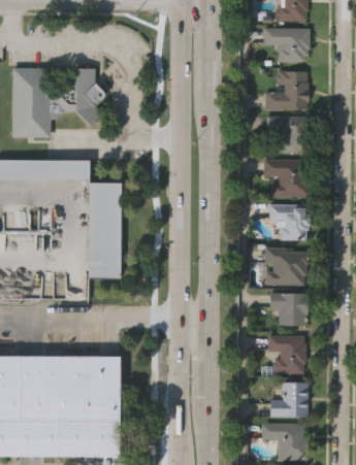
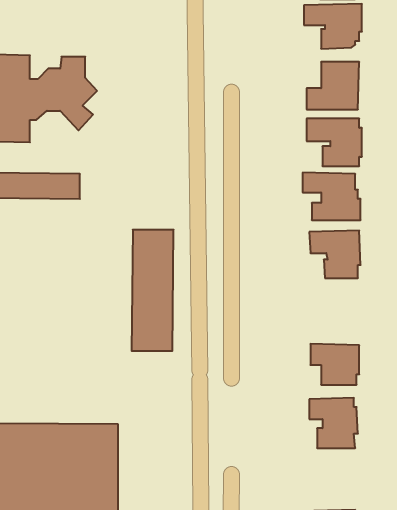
building: [89,181,122,276] -> [132,230,174,351]
building: [267,248,308,286] -> none
building: [270,383,310,418] -> none

